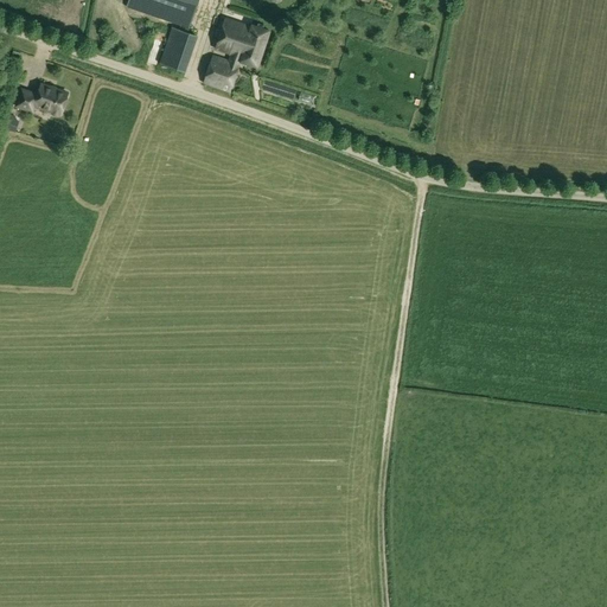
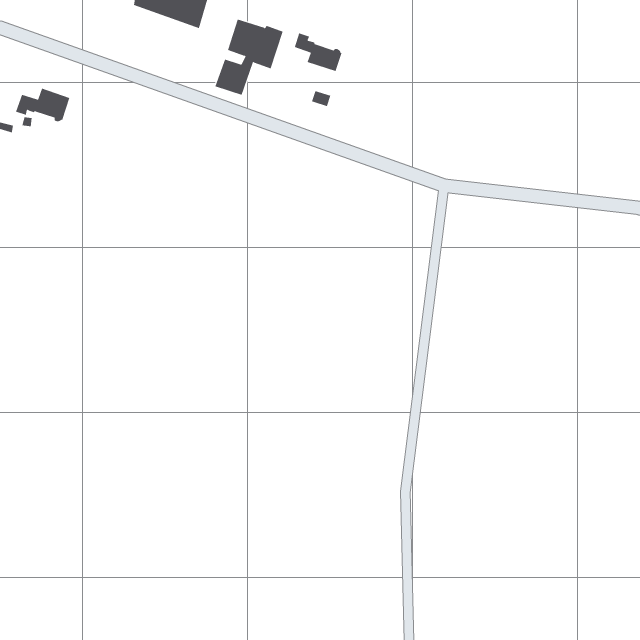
building: [160,27,194,76] -> none
building: none -> [294,32,342,72]

